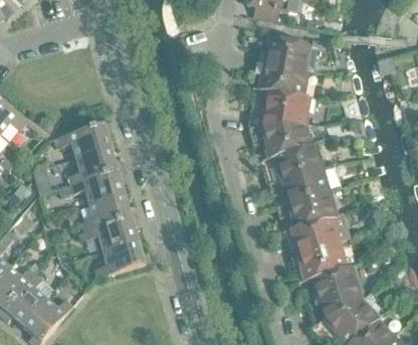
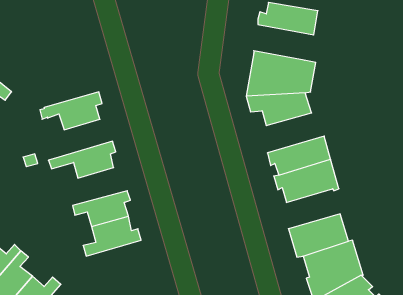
building: [255,56,308,91] -> none
building: [261,139,324,179] -> none
building: [67,147,122,183] -> none
building: [80,193,136,229] -> none
building: [282,212,349,251] -> none

